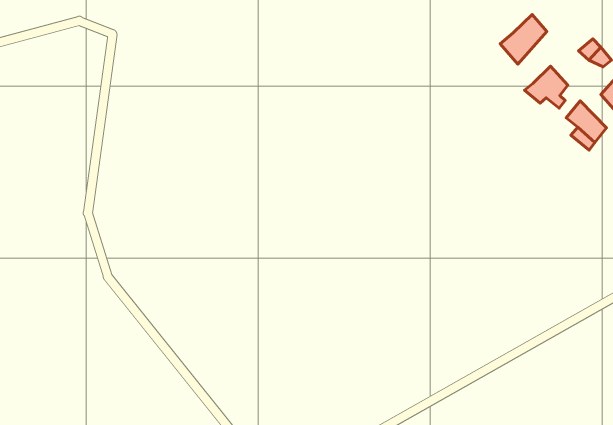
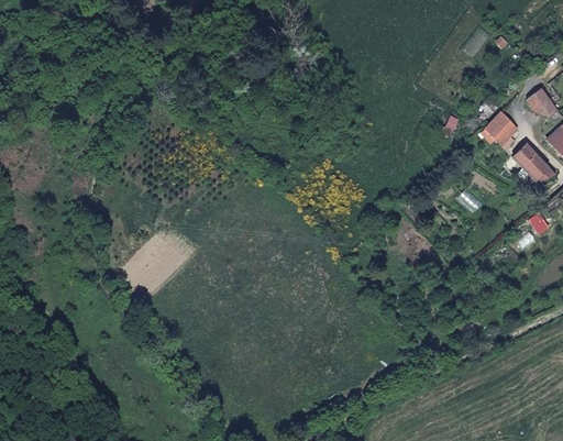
building: [500,15,547,64] -> none

